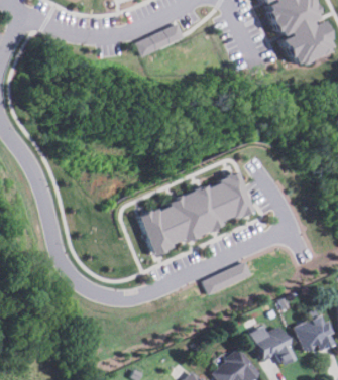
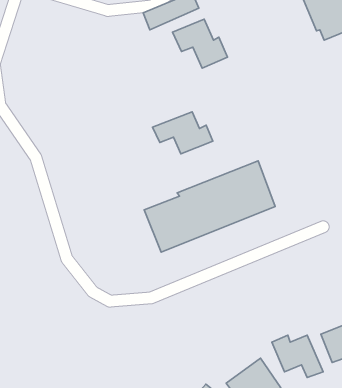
building: none -> [172,19,228,68]
building: none -> [152,112,213,154]
building: [206,261,255,295] -> none

